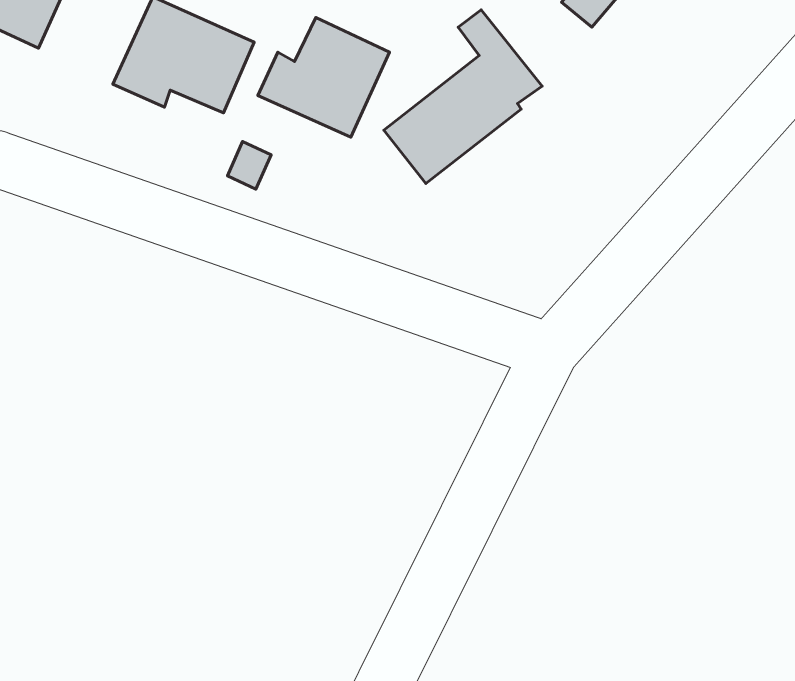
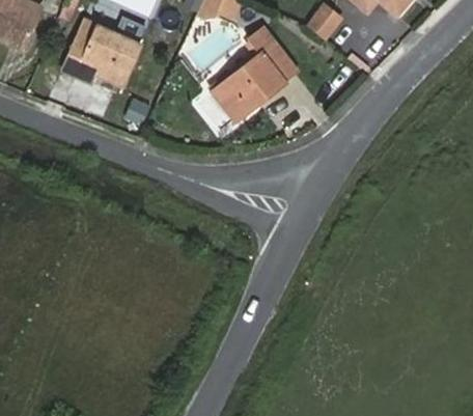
building: [258,17,390,137] -> none

